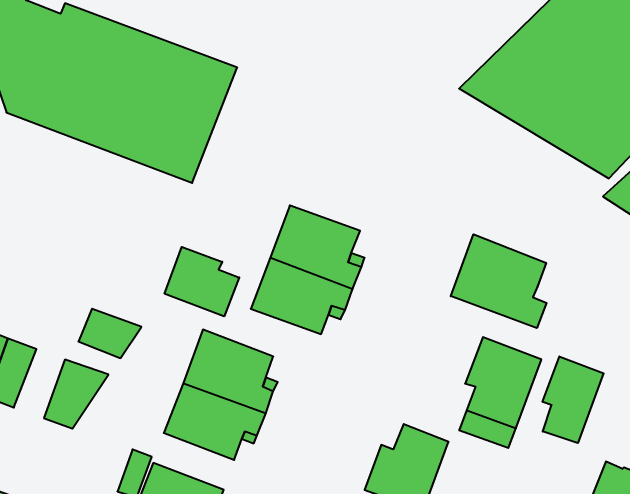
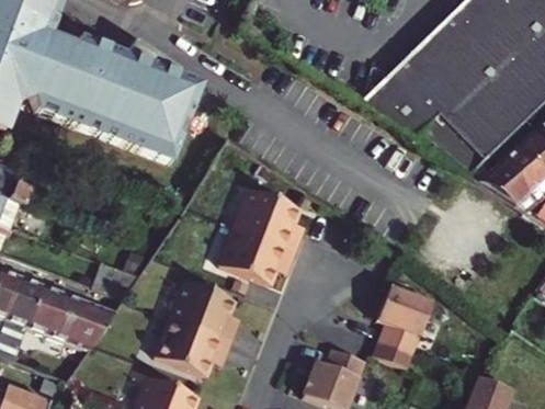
building: [451,234,547,328] -> none
building: [165,247,239,316] -> none
building: none -> [45,292,82,342]
building: [543,356,604,443] -> none

